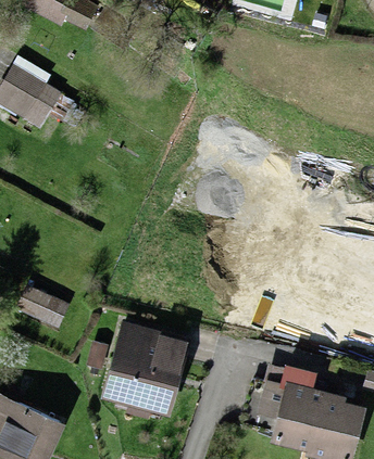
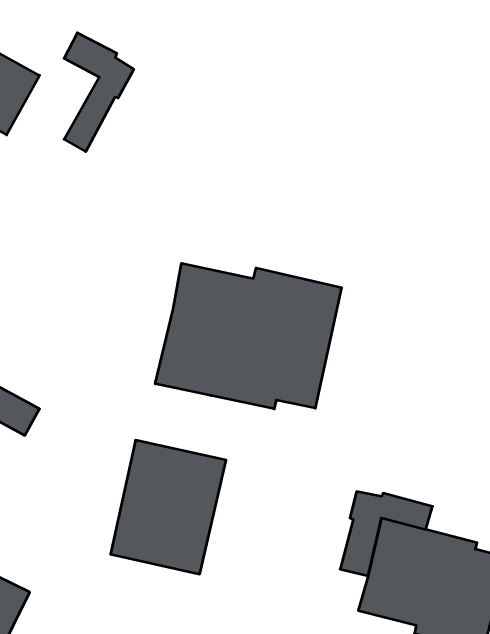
building: none -> [64,33,134,152]
building: none -> [155,263,342,409]

